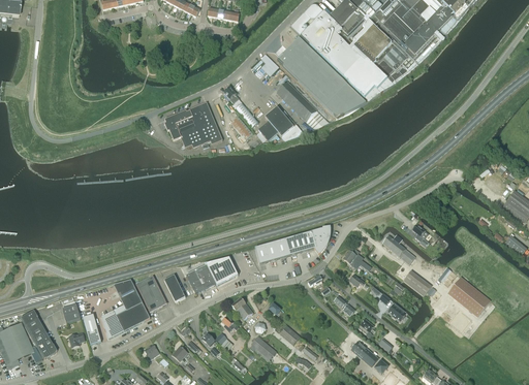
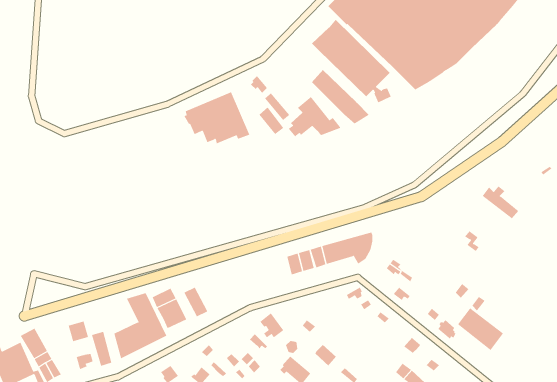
building: [381,233,414,263] -> [482,185,519,219]
building: [185,256,237,292] -> none
building: [447,277,489,315] -> [457,308,504,351]

